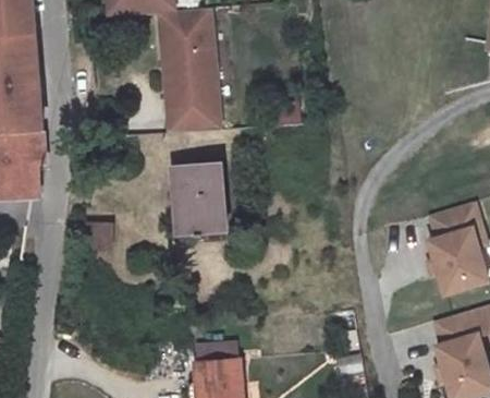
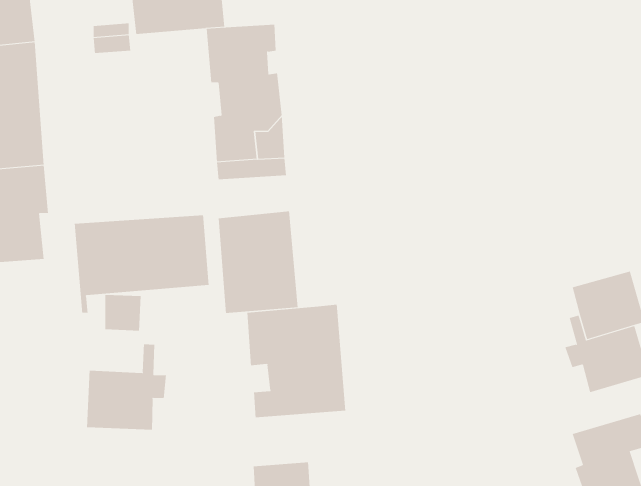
building: none -> [74,215,209,314]
building: none -> [247,304,346,418]
building: none -> [87,344,167,431]

